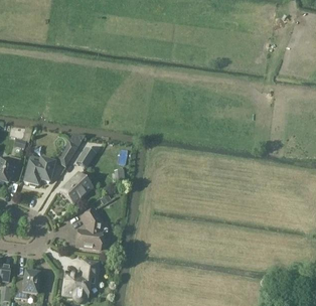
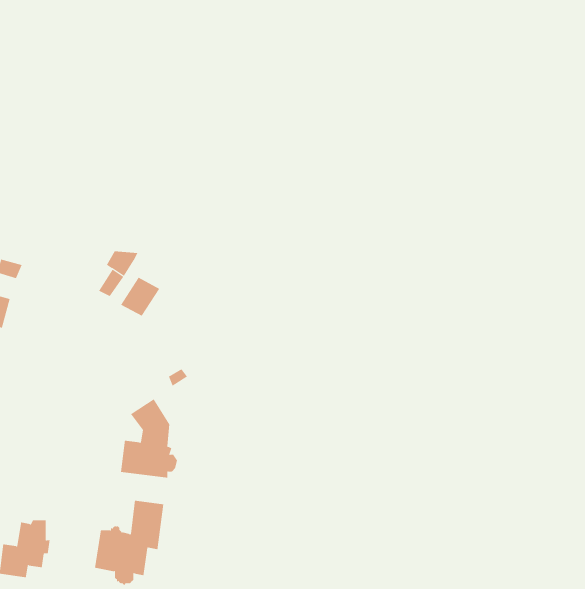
building: [25,156,55,186] -> none
building: [60,172,93,204] -> none

